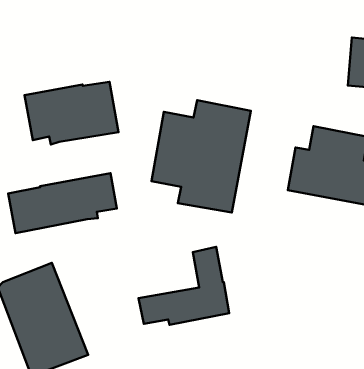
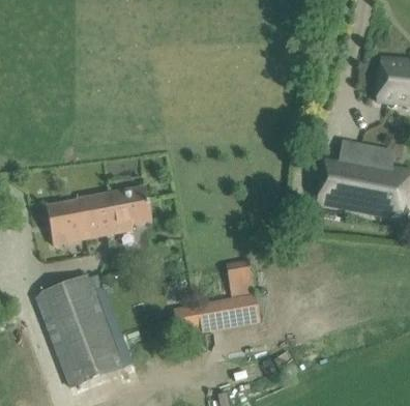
building: [25,82,118,145] -> none
building: [152,100,251,212] -> none

